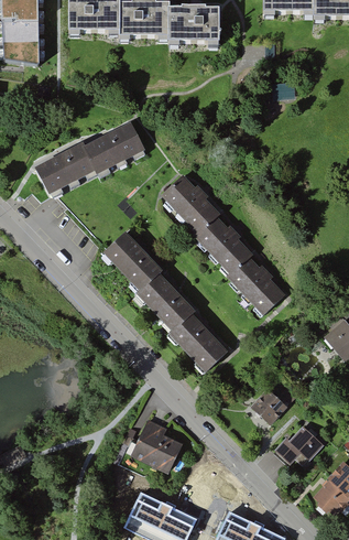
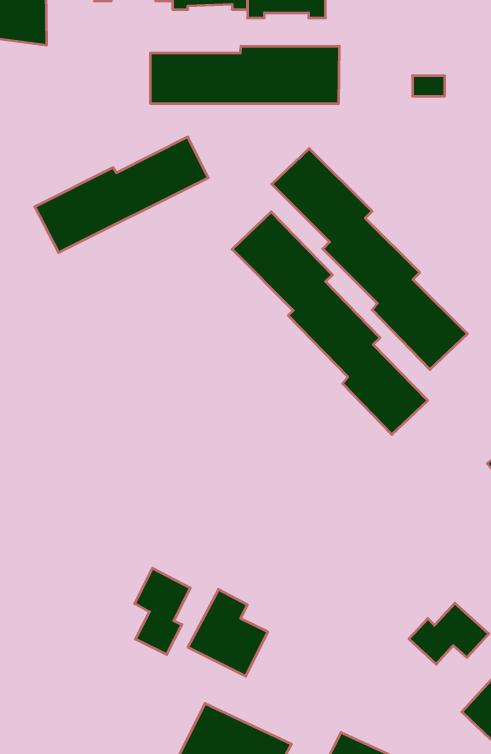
building: none -> [151,46,339,104]
building: [100,230,227,374] -> [272,148,467,370]
building: [251,387,290,424] -> none
building: none -> [135,568,190,655]

